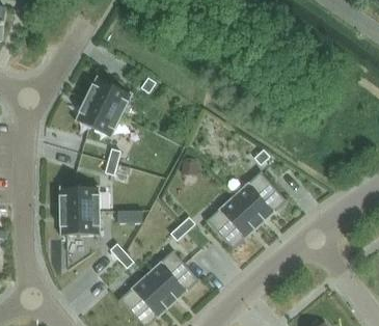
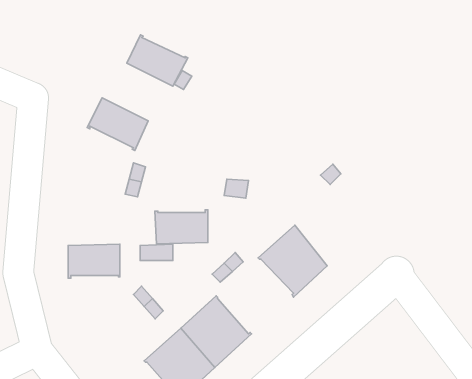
building: [85,76,132,115] -> [127,35,188,86]
building: [233,170,287,226] -> none
building: [58,185,99,211] -> [155,210,208,244]

